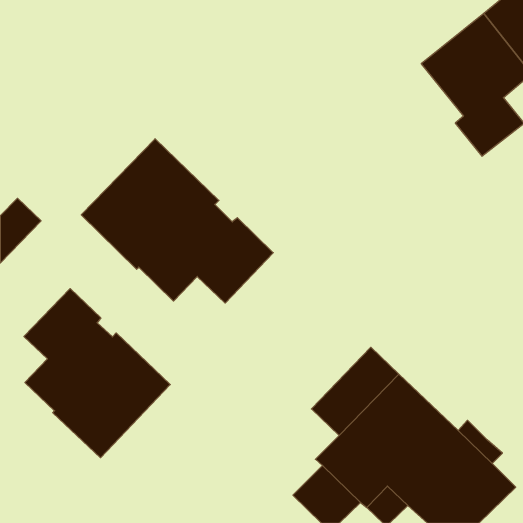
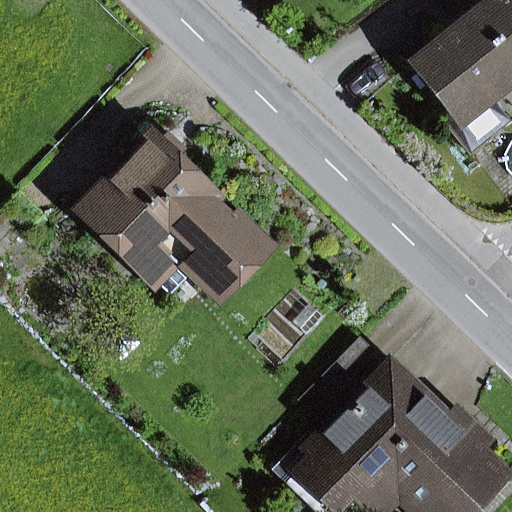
building: [24,289,170,458] -> none

